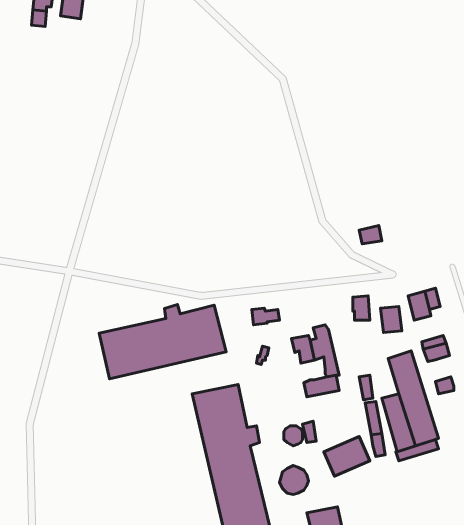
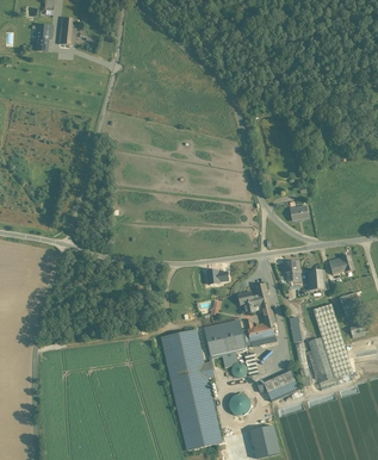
building: [99,305,226,379] -> none
building: none -> [205,319,246,356]

